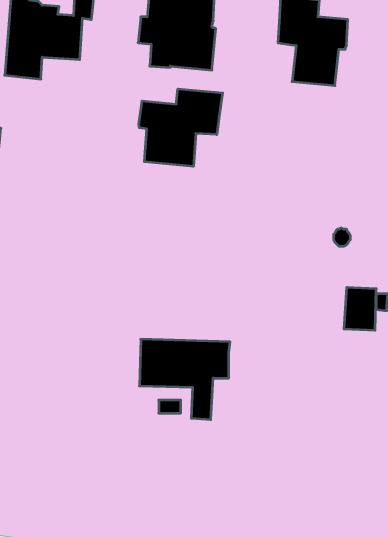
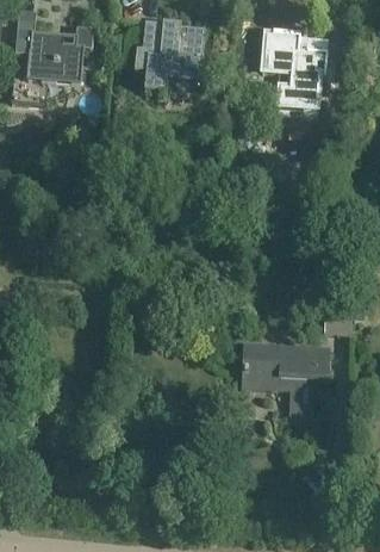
building: [139,89,223,166] -> none
building: [139,339,230,420] -> [244,342,328,416]

